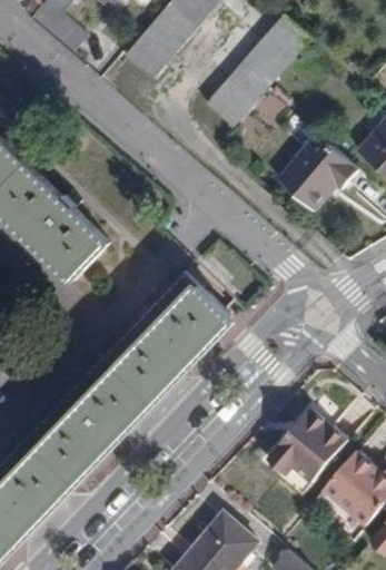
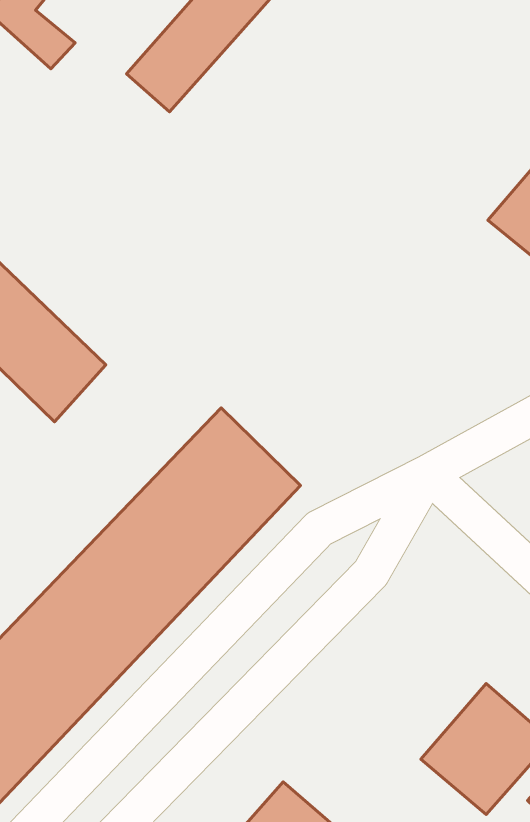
building: [208,13,311,126] -> none
building: [275,131,355,208] -> none
building: [261,394,345,492] -> none

